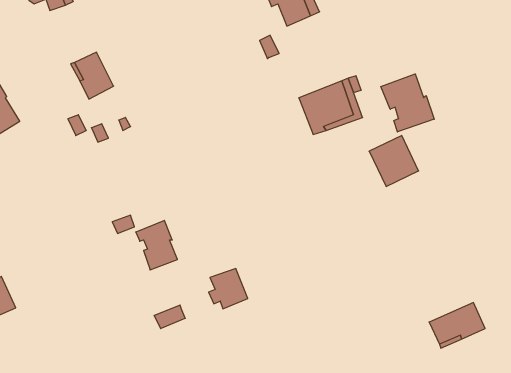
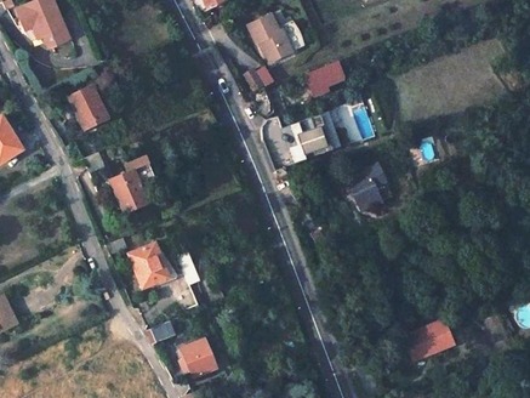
building: none -> [304,61,344,96]
building: [381,74,434,132] -> none
building: none -> [110,154,156,212]
building: [209,269,248,309] -> [179,339,216,376]

